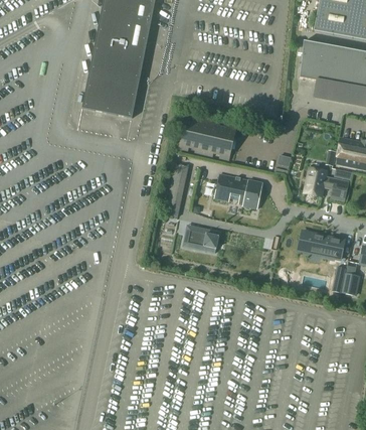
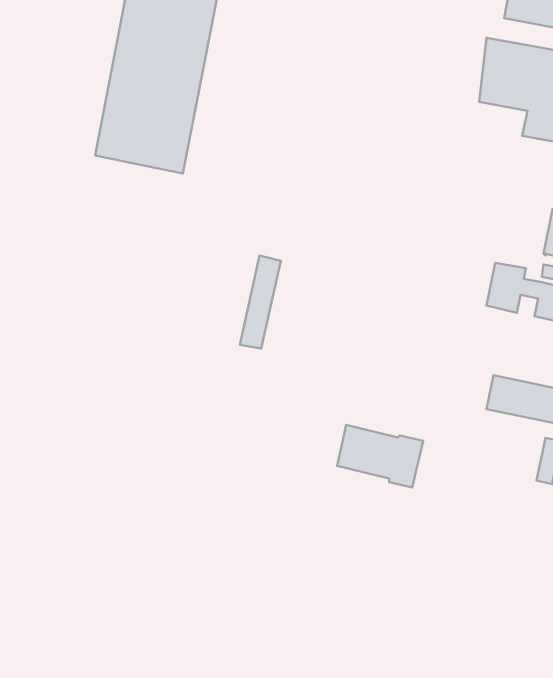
building: [179,115,236,160] -> none
building: [214,174,262,209] -> [337,425,423,487]
building: [182,225,212,252] -> none

